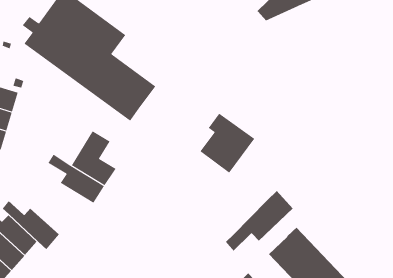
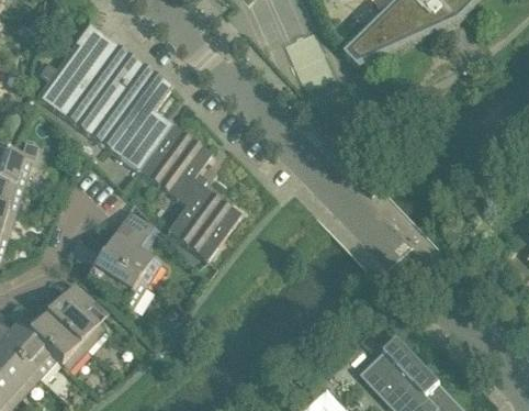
building: [200,113,255,174] -> [166,177,239,257]
building: none -> [44,280,105,346]
building: [225,190,293,251] -> none

